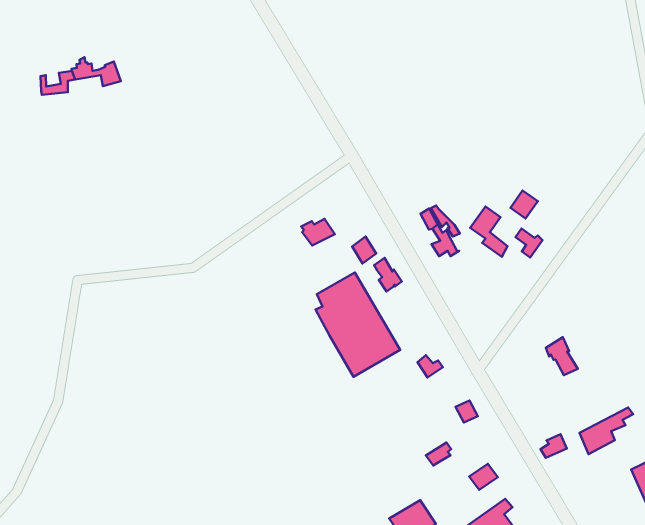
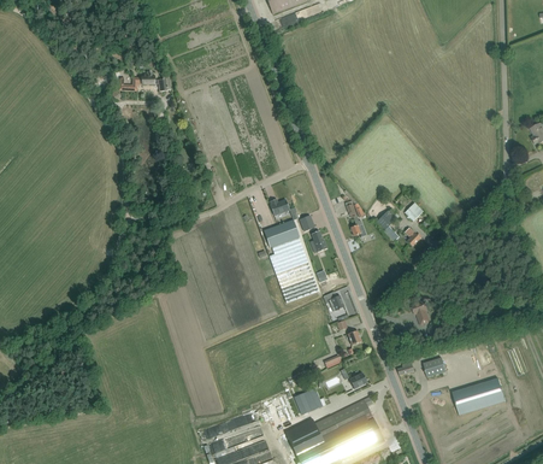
building: none -> [262,219,299,247]

